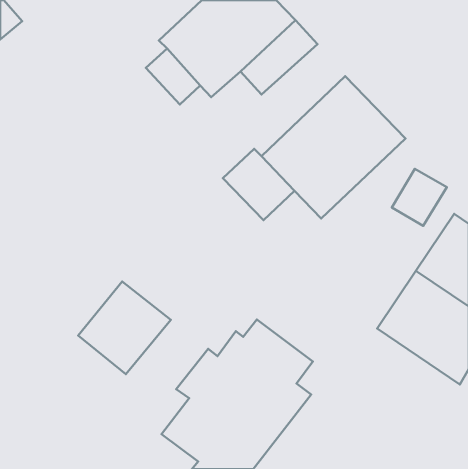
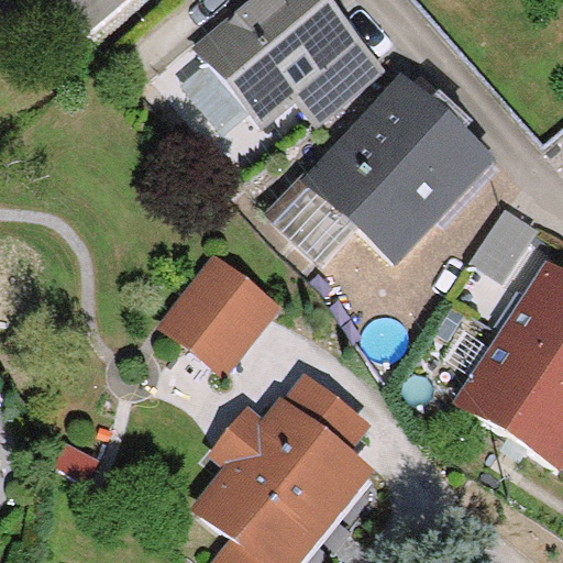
building: [78,281,171,374] -> [166,263,277,374]

